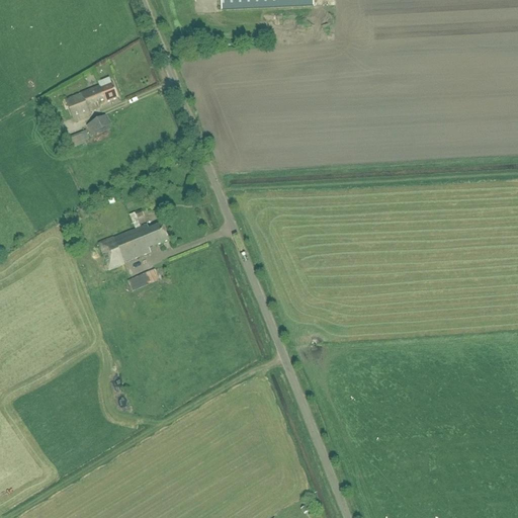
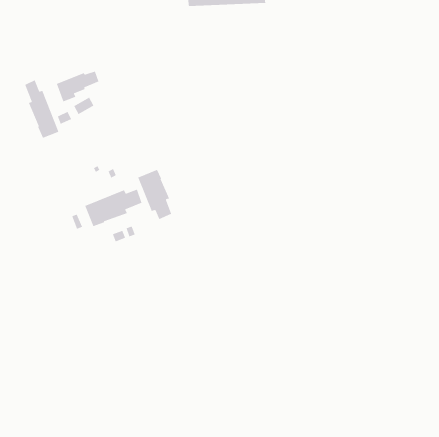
building: none -> [24,79,59,139]
building: none -> [137,169,172,220]

